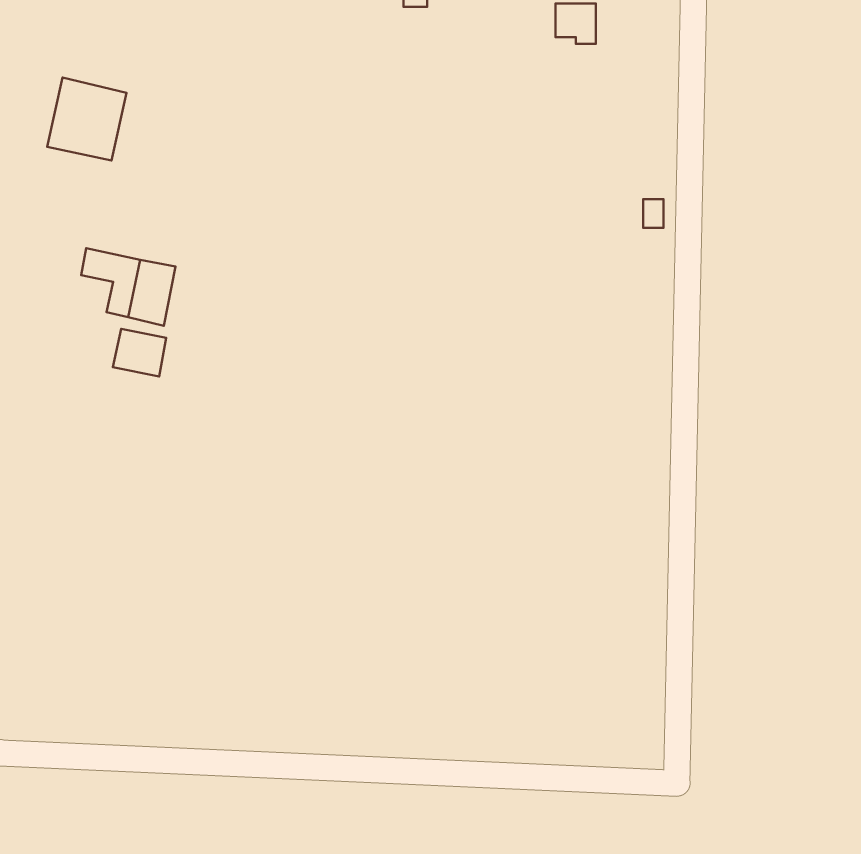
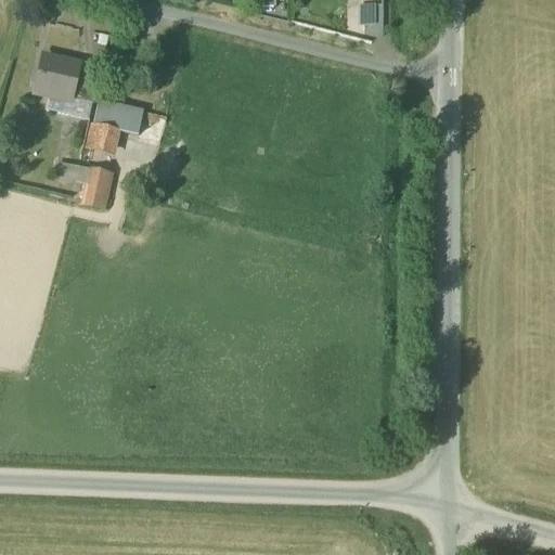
building: none -> [85,98,144,154]
building: [113,329,166,377] -> none

